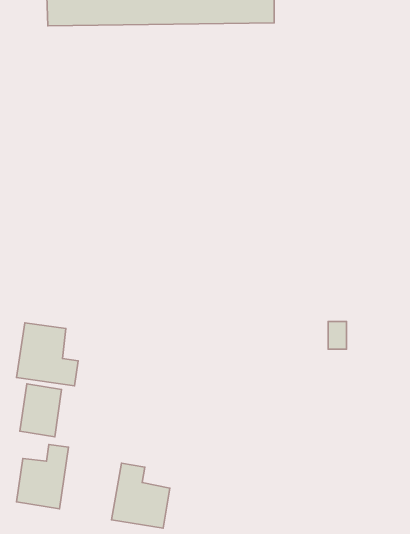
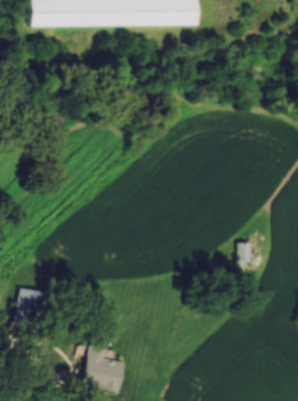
building: [16,323,78,386] -> none
building: [17,445,69,509] -> none

